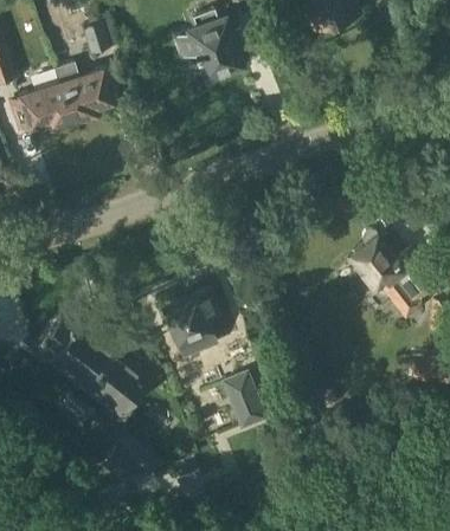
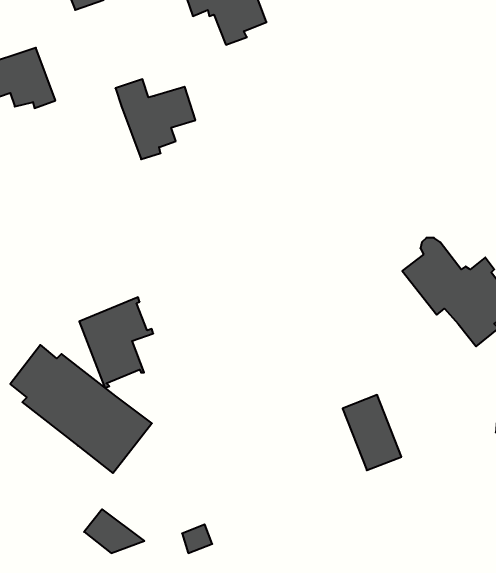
building: [54,63,117,125] -> [115,79,195,159]
building: [165,289,223,360] -> [79,297,153,388]
building: [220,371,266,430] -> [343,395,401,470]

